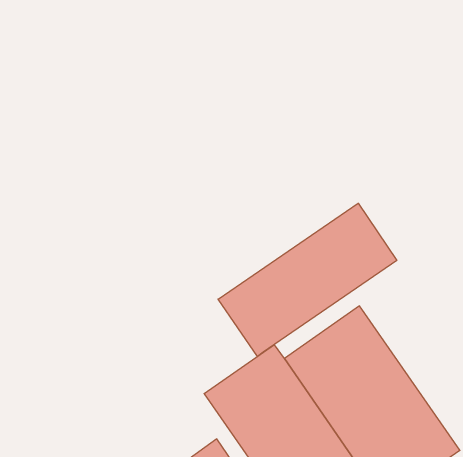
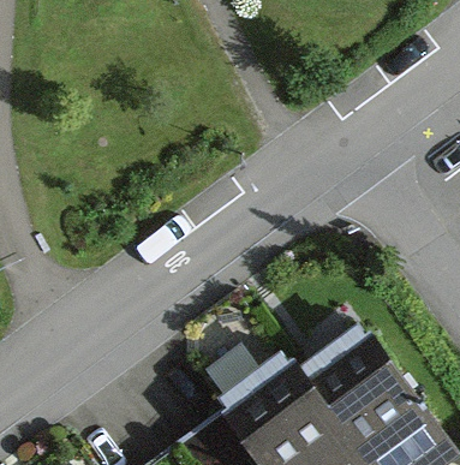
building: [218,203,397,357] -> none

